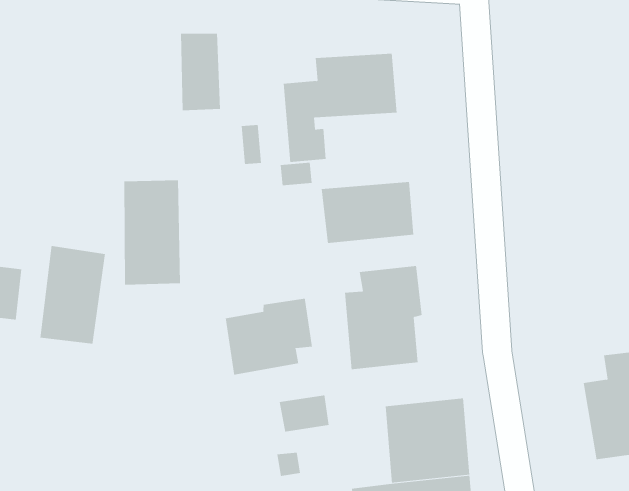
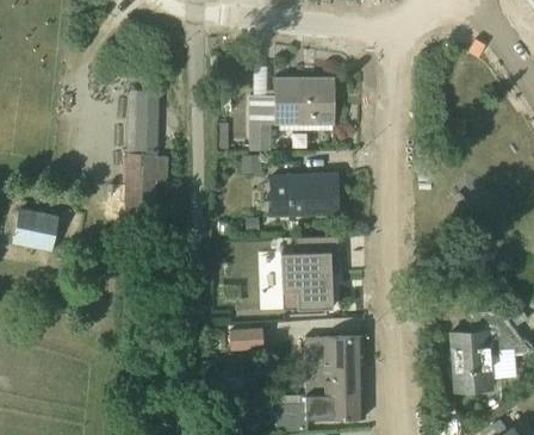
building: [180,33,221,111] -> [128,93,159,151]
building: [40,245,105,345] -> none
building: [225,298,313,375] -> none

